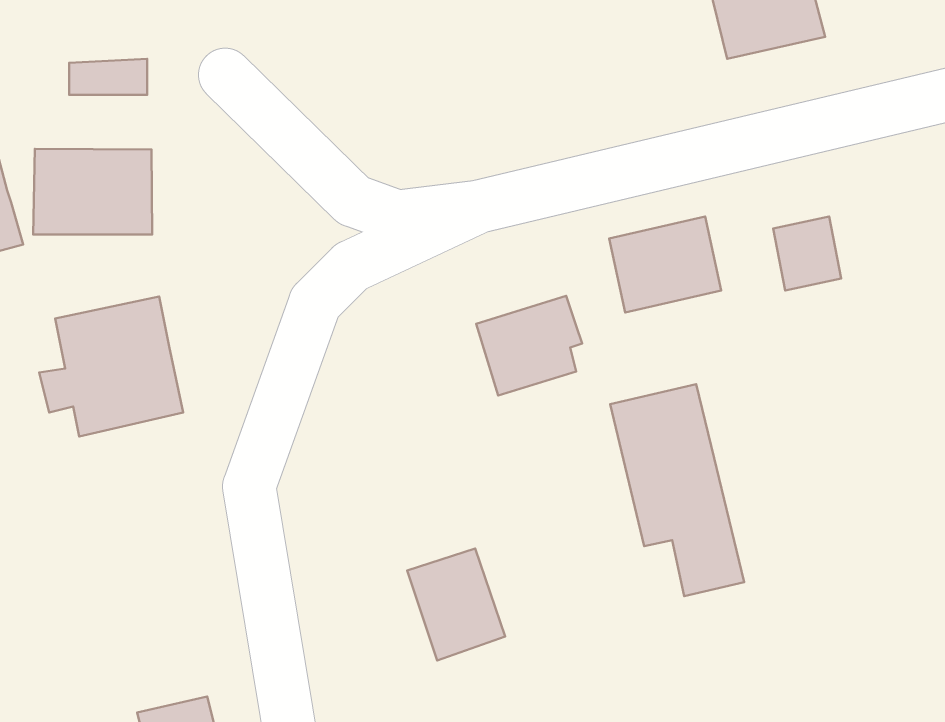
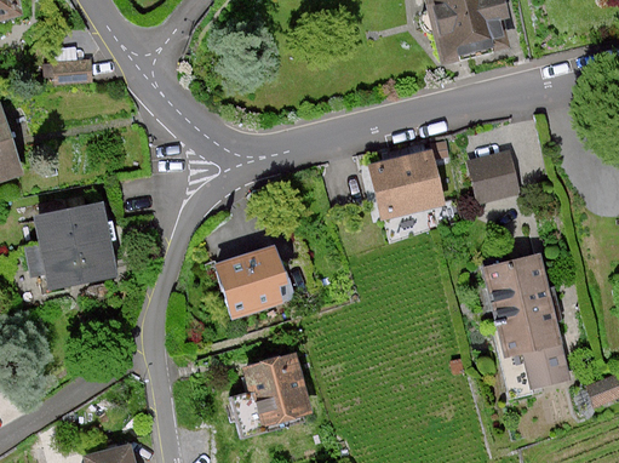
building: [33,149,152,235] -> none
building: [476,296,582,396] -> [220,250,285,310]
building: [610,384,744,596] -> [487,256,568,384]

